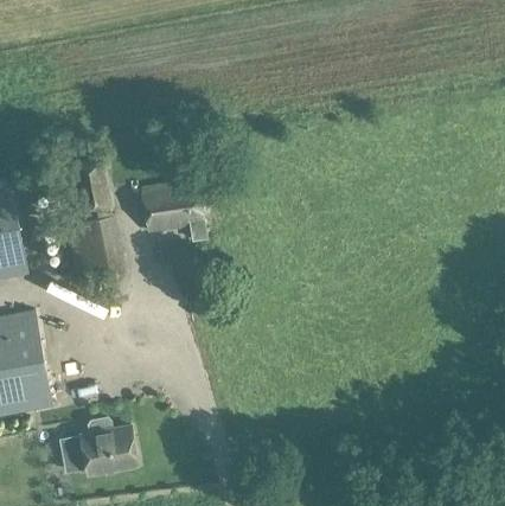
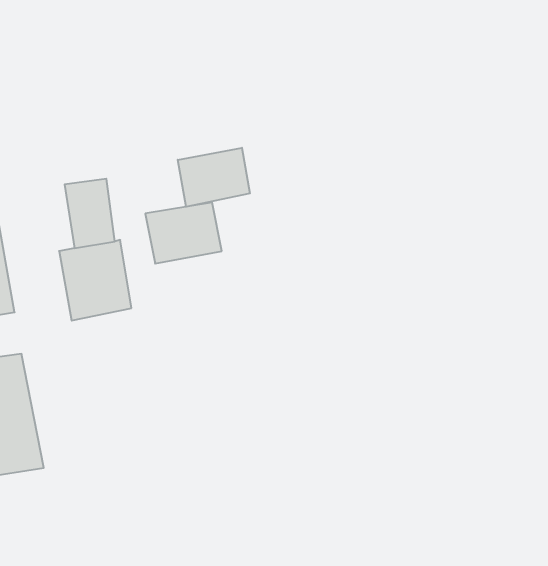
building: none -> [178,148,250,207]
building: [57,418,136,475] -> none

